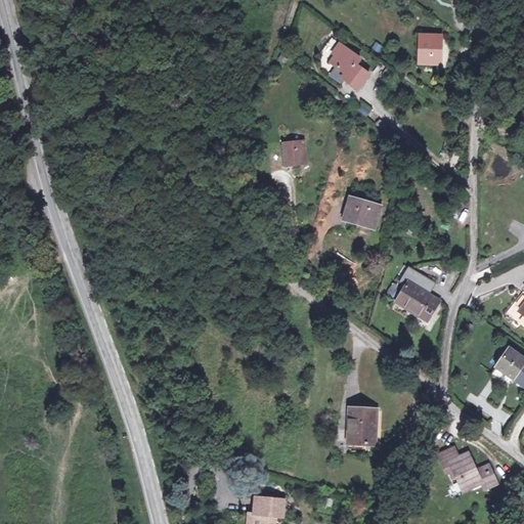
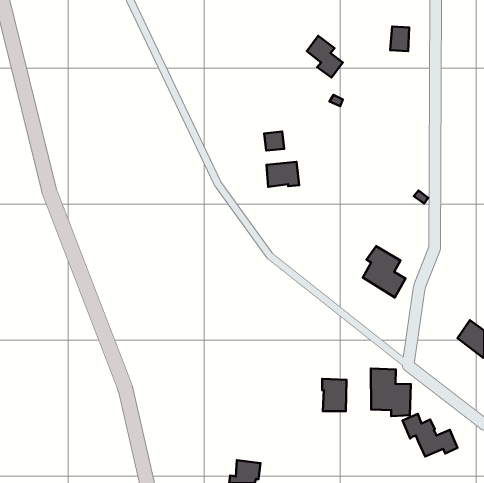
building: none -> [266,162,299,187]
building: [347,199,380,226] -> none
building: none -> [371,368,411,416]

